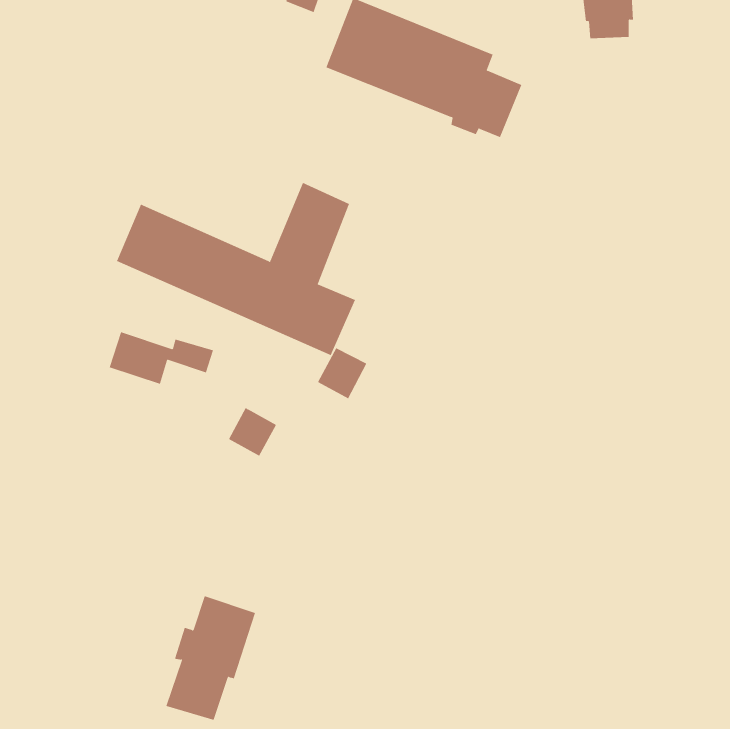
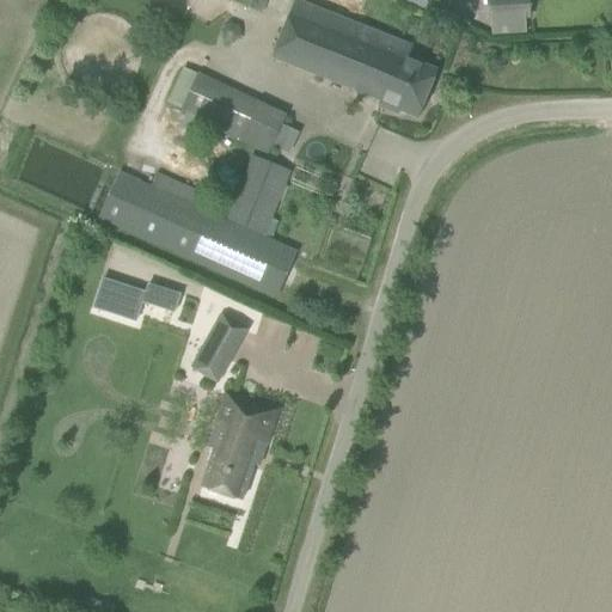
building: none -> [180,72,287,147]
building: [317,348,367,399] -> [207,311,249,354]
building: [166,596,256,720] -> [202,394,277,498]

